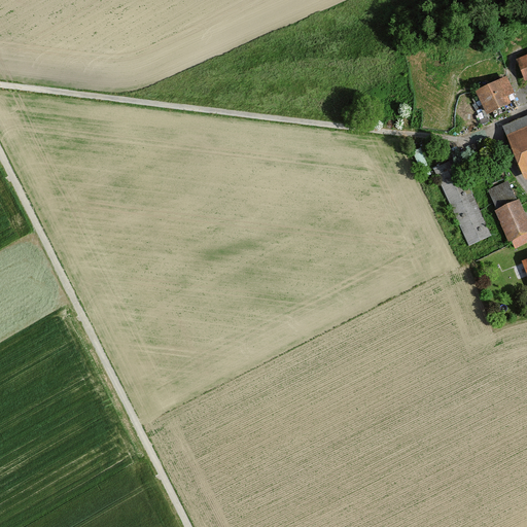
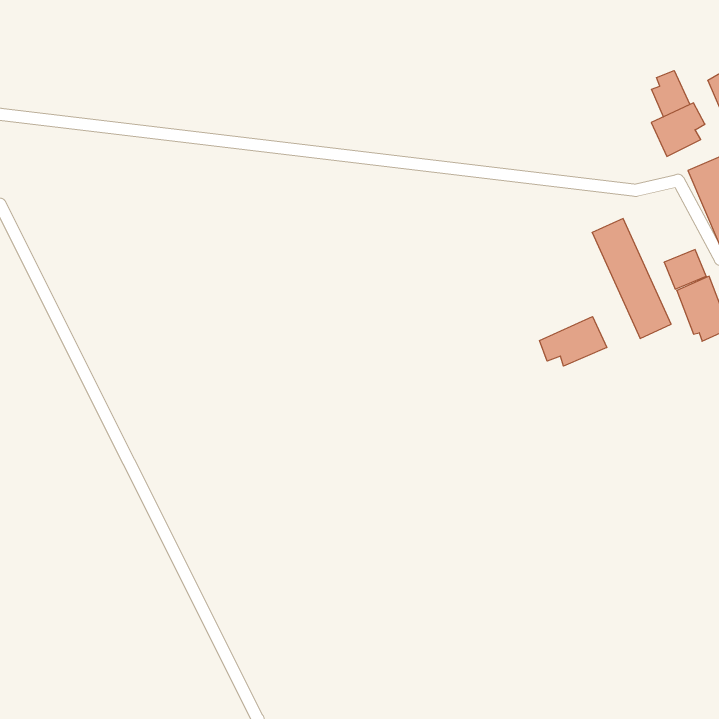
building: none -> [651,71,690,117]
building: none -> [540,317,607,366]

